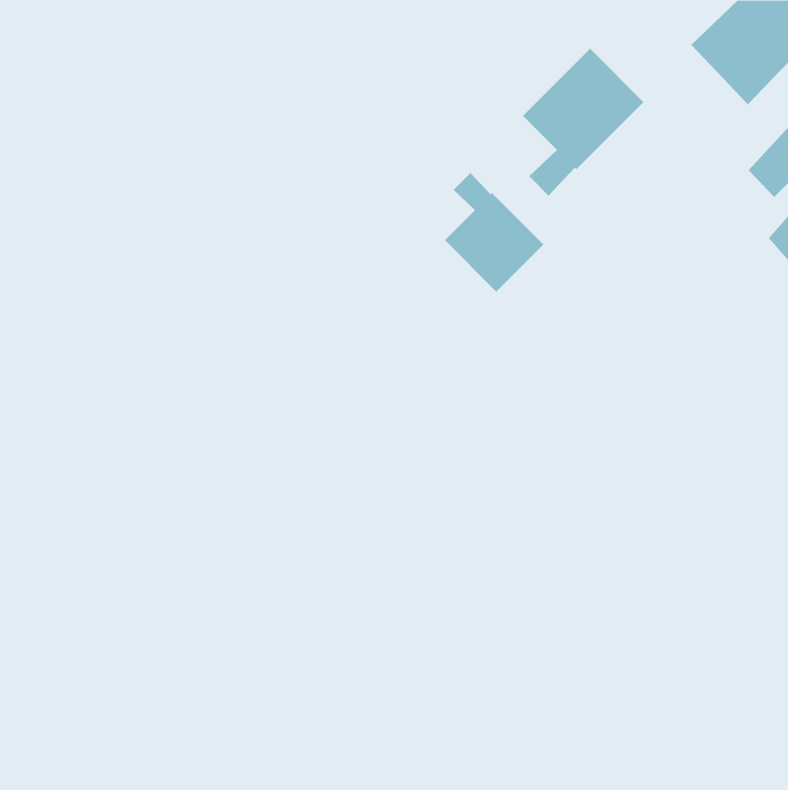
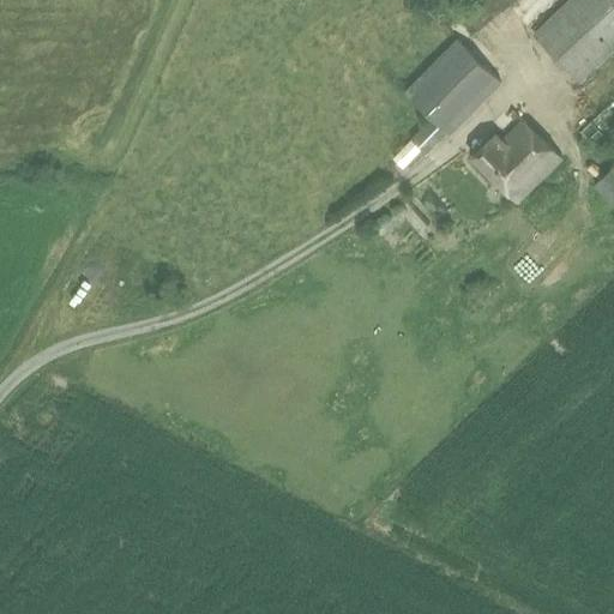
building: none -> [474,120,562,200]
building: [444,172,544,292] -> none

